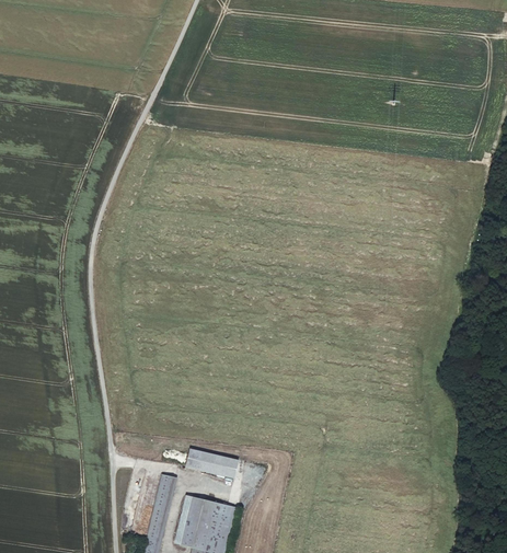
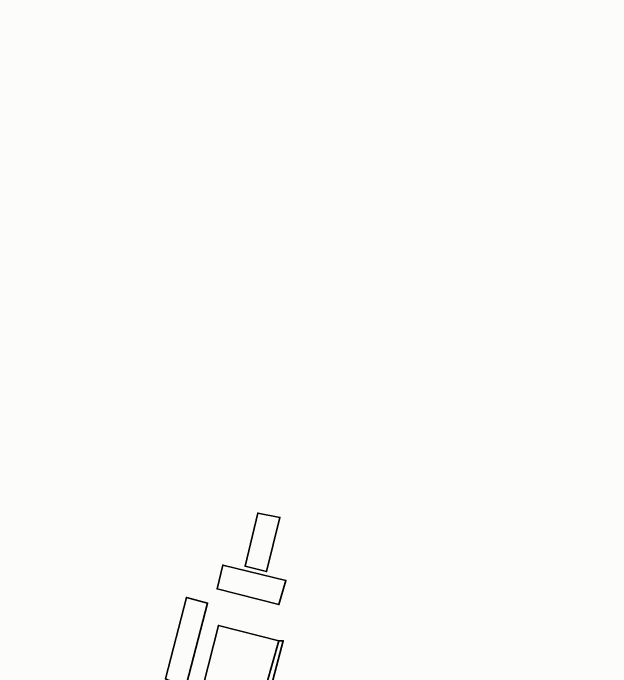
building: none -> [245,513,280,572]

